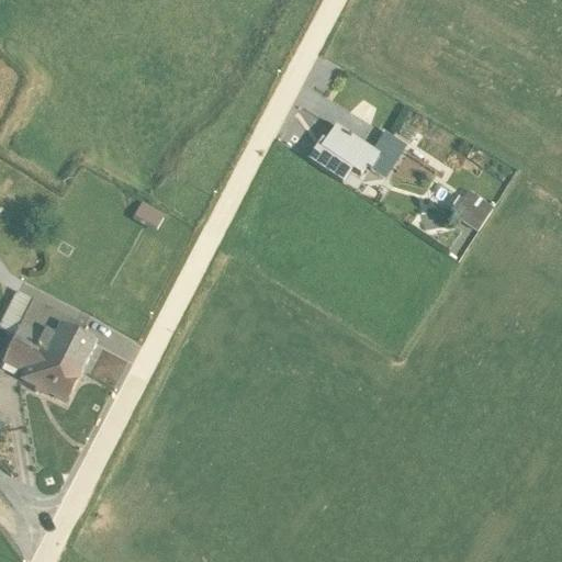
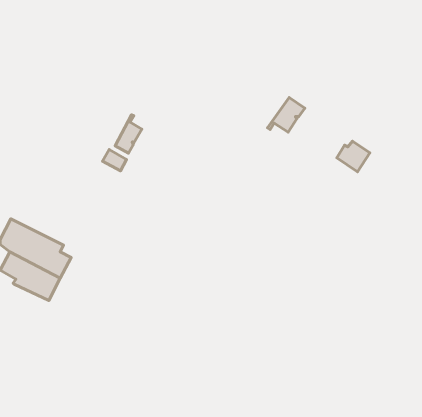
building: [307,126,370,181] -> none
building: none -> [115,115,142,153]

